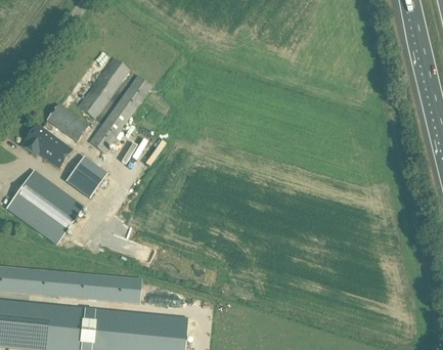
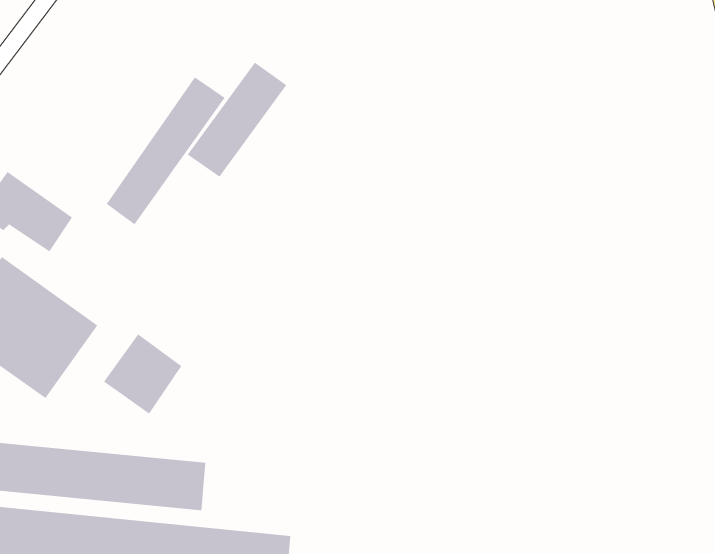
building: [76,56,129,118] -> [187,62,287,178]
building: [46,104,87,141] -> none
building: [64,156,106,199] -> [103,333,182,414]

